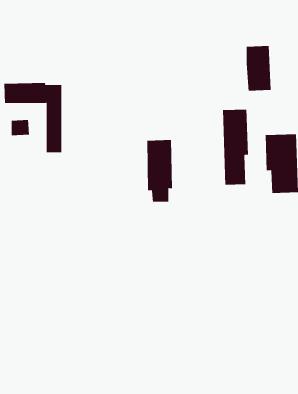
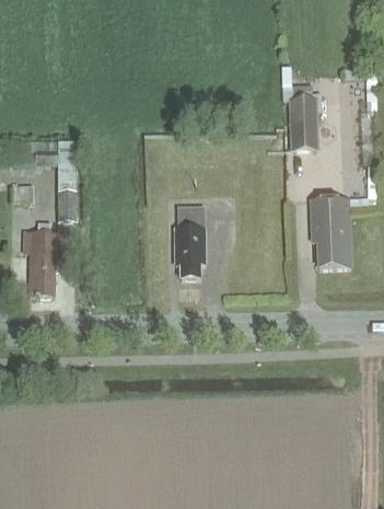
building: [223,109,249,185] -> none
building: none -> [23,221,58,296]

